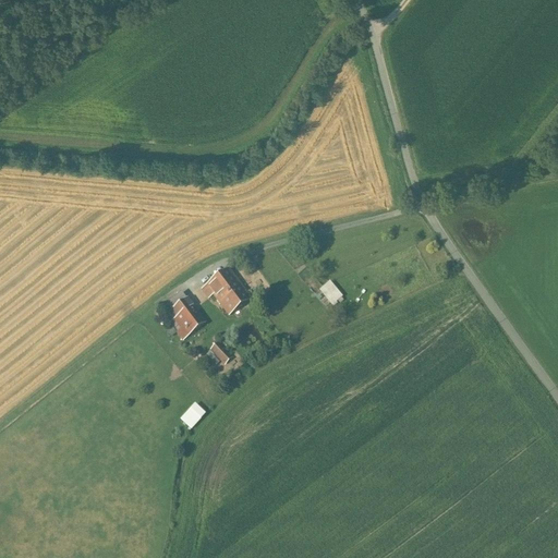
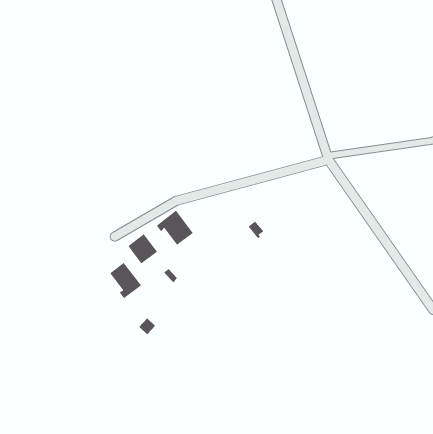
building: none -> [109,262,142,299]

